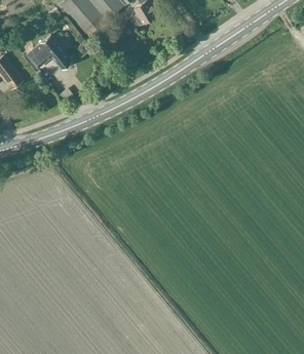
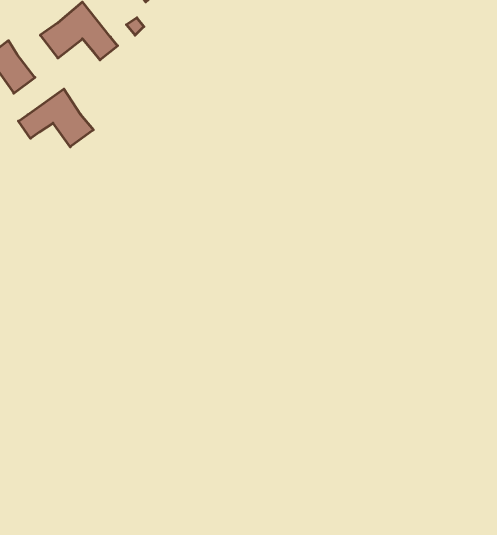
building: none -> [18,89,93,147]

